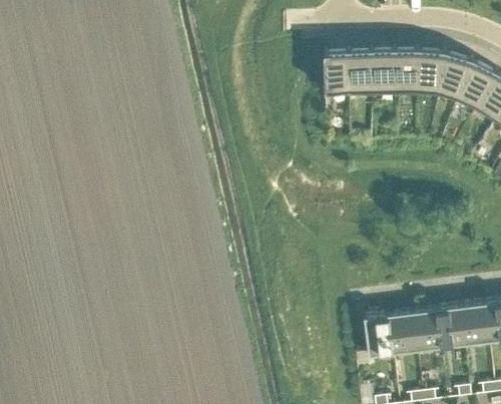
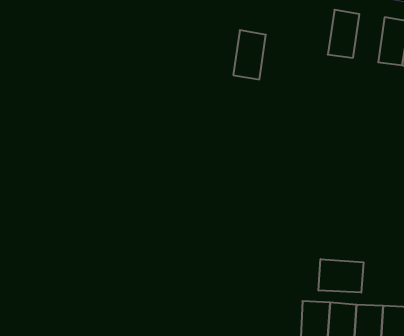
building: [371,50,395,91] -> none
building: [324,51,349,92] -> [233,30,266,79]
building: none -> [319,259,363,293]

